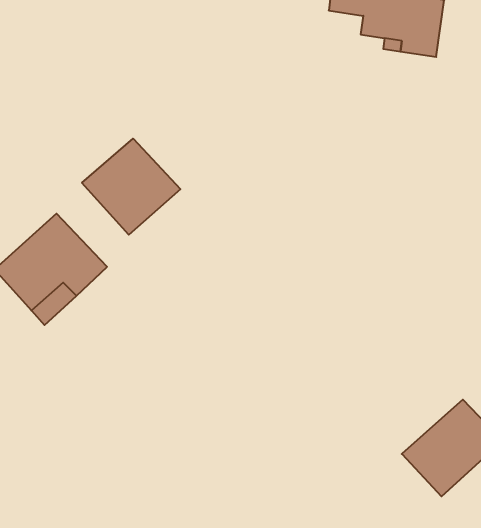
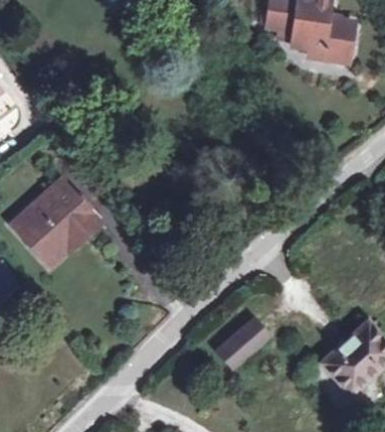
building: [82,139,180,235] -> none
building: none -> [218,319,269,369]

